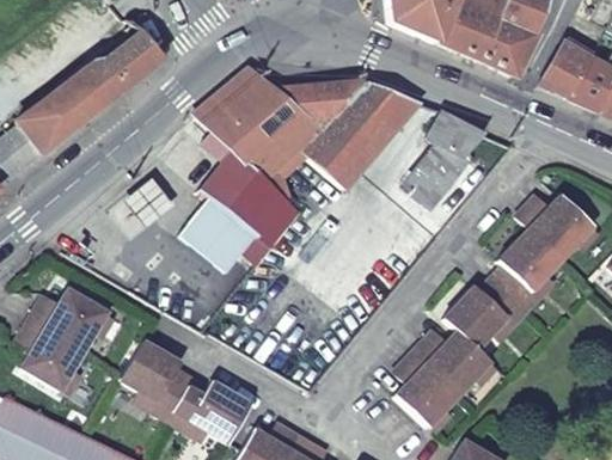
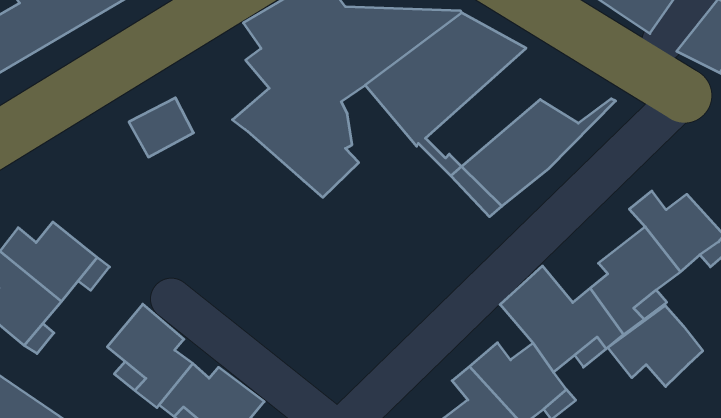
building: [428,111,490,153] -> none
building: [185,196,261,268] -> none
building: none -> [608,305,703,387]

